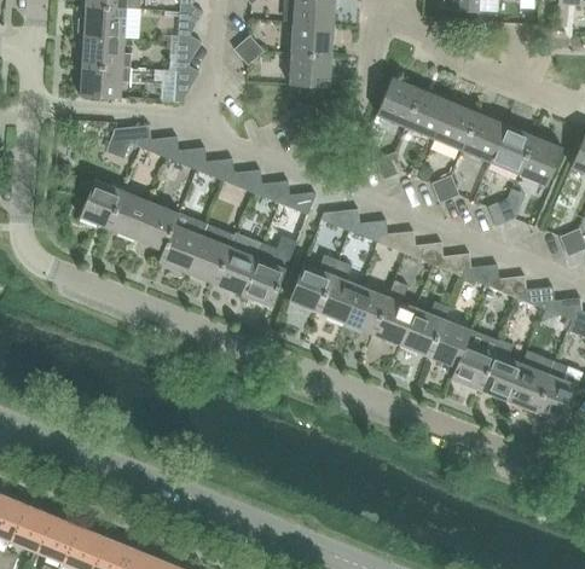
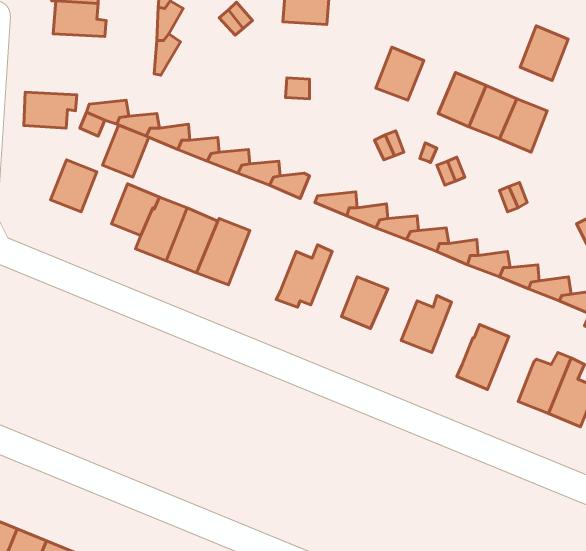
building: [290,53,331,87] -> none
building: [81,64,129,97] -> [24,92,77,128]
building: [405,88,448,137] -> none
building: [517,134,561,184] -> [520,26,568,80]
building: [108,190,150,237] -> [102,125,149,177]
building: [242,238,295,304] -> none
building: [317,262,359,321] -> none
building: [371,281,413,343] -> none
building: [427,318,470,365] -> none
building: [477,339,520,399] -> none

